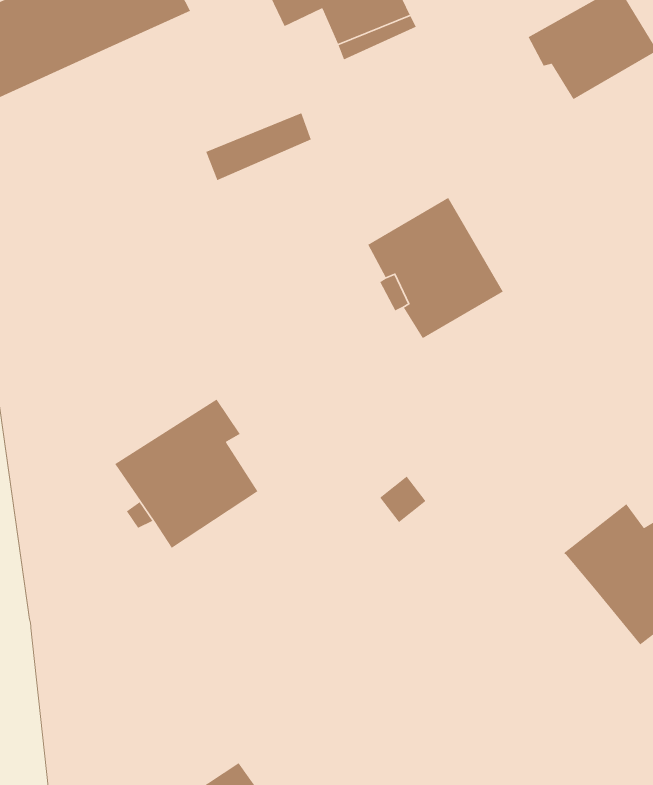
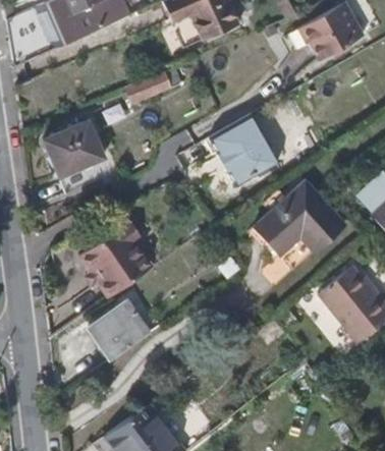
building: none -> [51,123,118,192]
building: none -> [251,186,341,262]
building: none -> [90,300,147,356]

